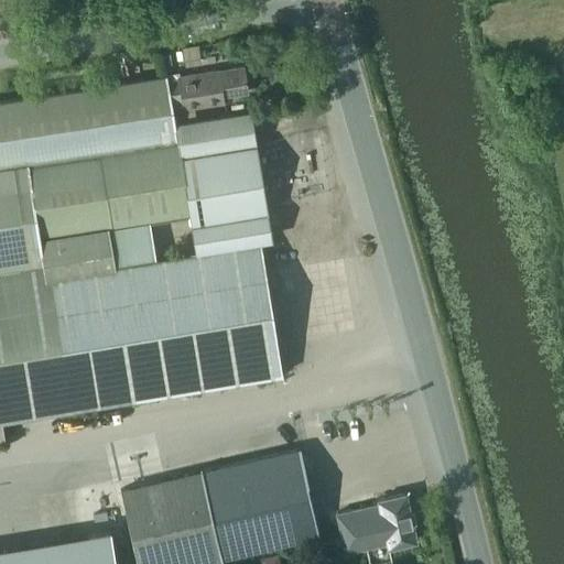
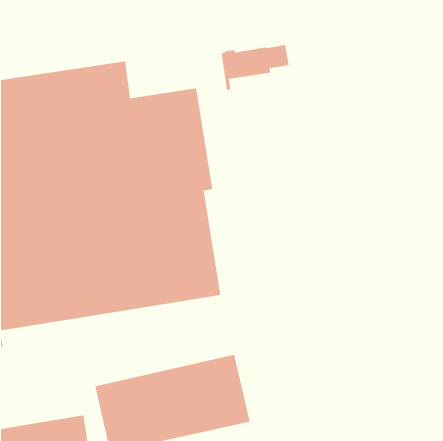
building: [160,69,247,128] -> [221,44,289,90]
building: [336,497,415,555] -> none

